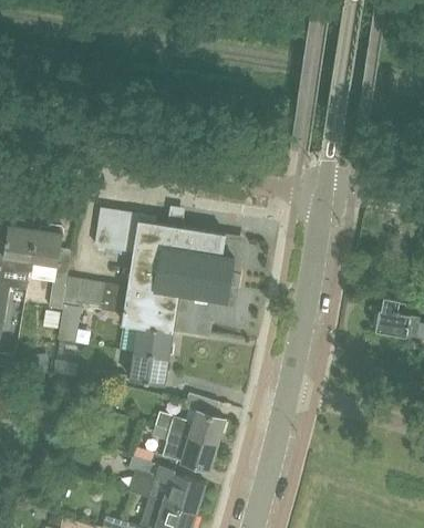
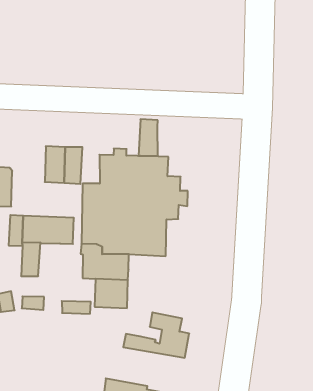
building: [132,215,156,255] -> [139,119,158,156]
building: [152,426,217,470] -> none

